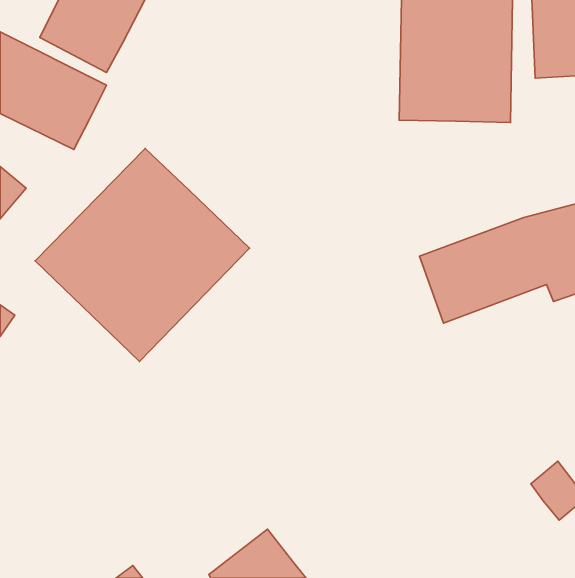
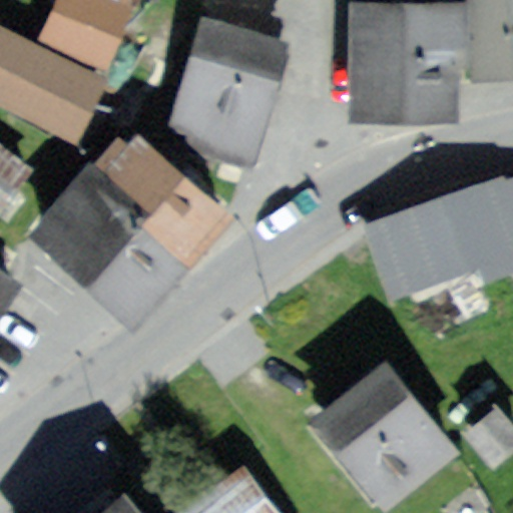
building: none -> [175,21,286,161]
building: none -> [330,366,449,489]

